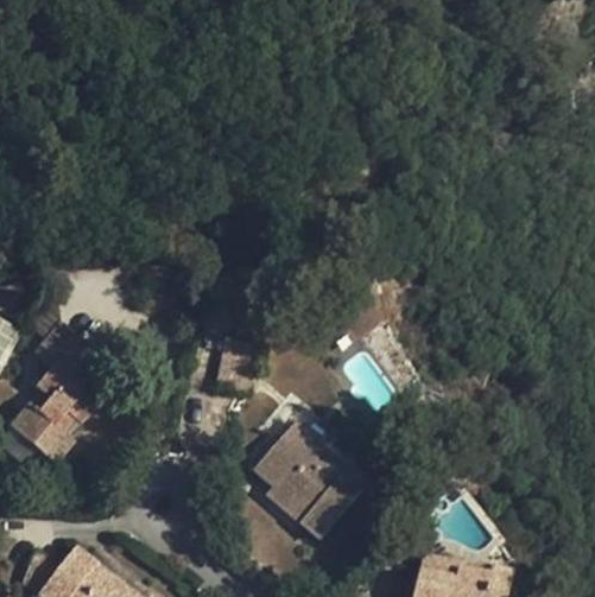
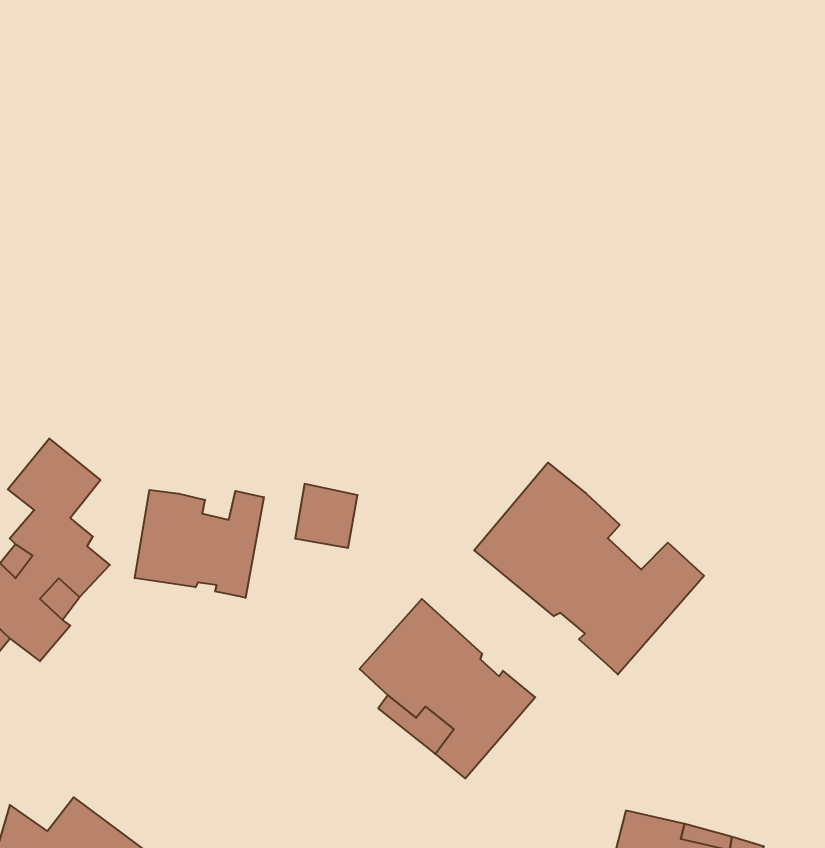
building: none -> [474,463,704,675]
building: none -> [135,490,264,598]

